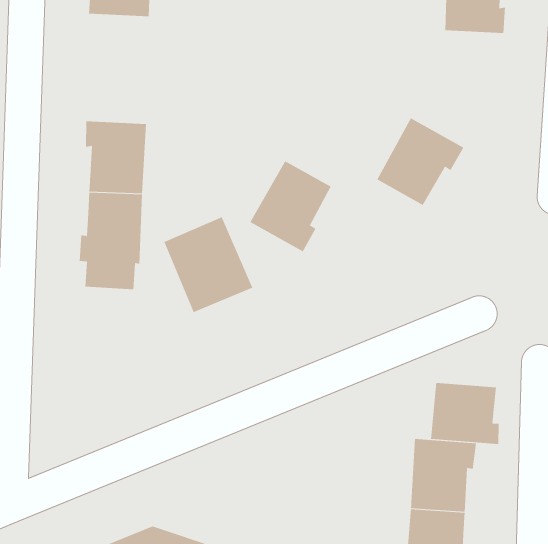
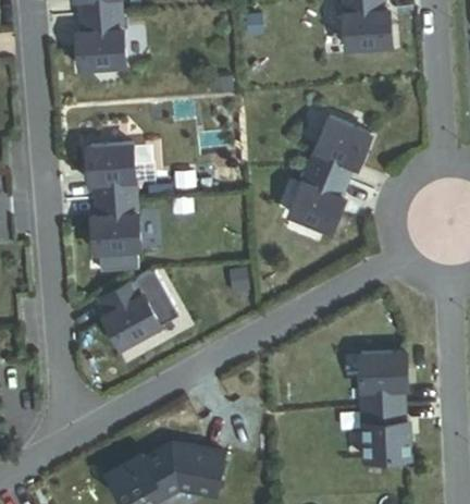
building: [249,160,332,252] -> [288,167,346,233]
building: [163,216,253,313] -> [96,270,166,344]
building: [430,382,499,445] -> none

